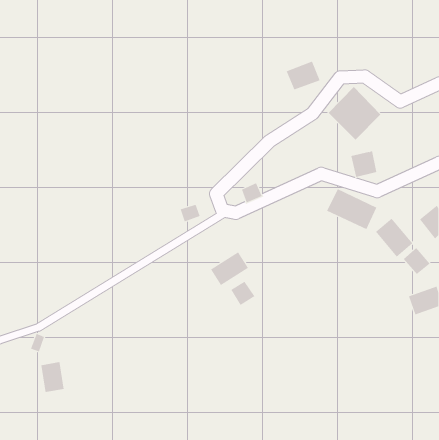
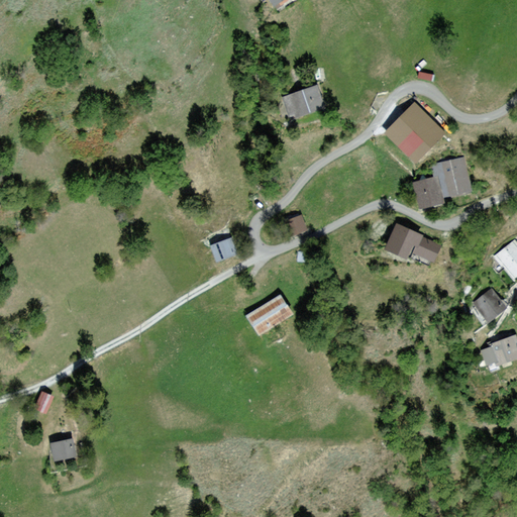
building: [286,61,320,90] -> [283,84,323,118]
building: none -> [429,154,473,202]
building: [375,218,413,257] -> none
building: [230,281,255,306] -> none

